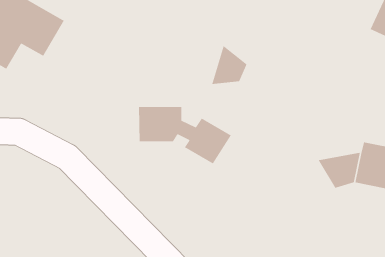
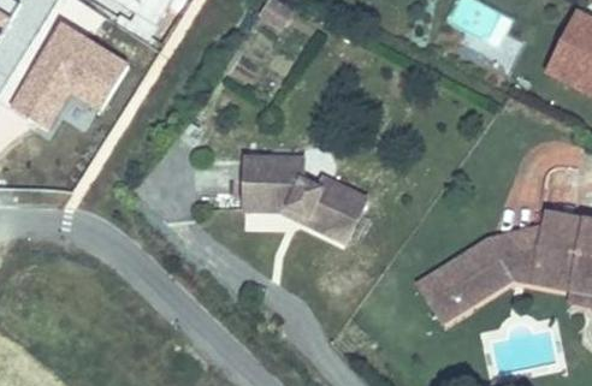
building: [211,45,248,85] -> none
building: none -> [414,239,507,322]

